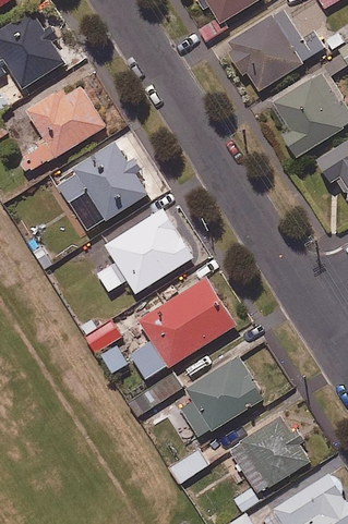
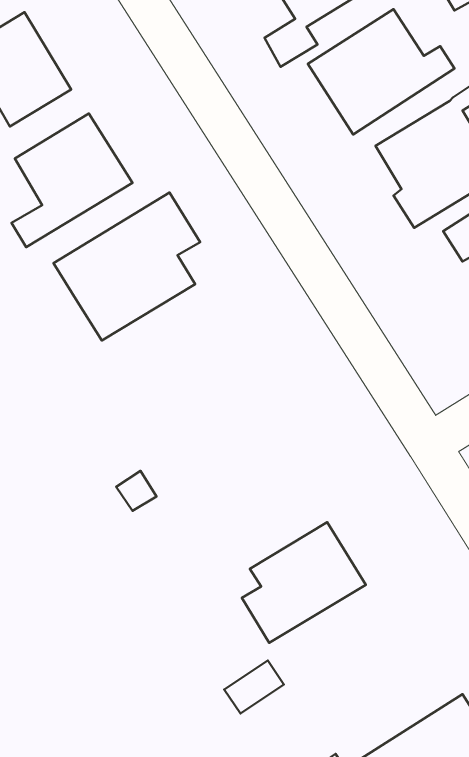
building: [96,206,194,292] -> none
building: [129,268,237,404] -> none
building: [229,415,310,493] -> none

